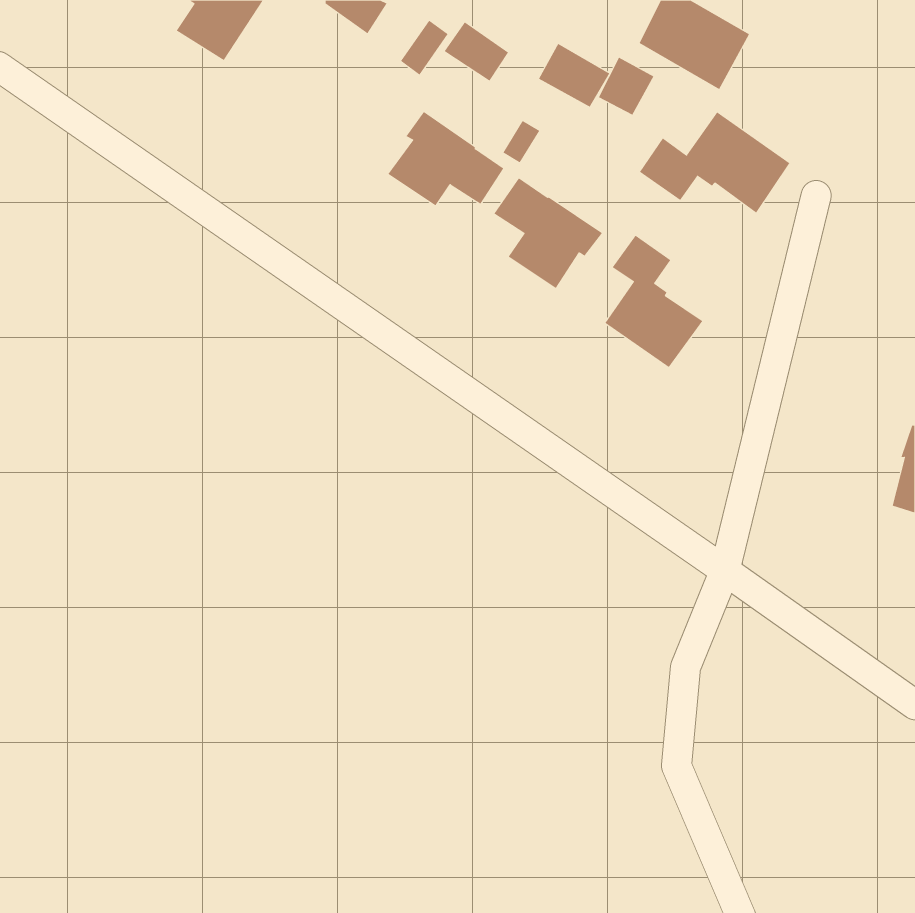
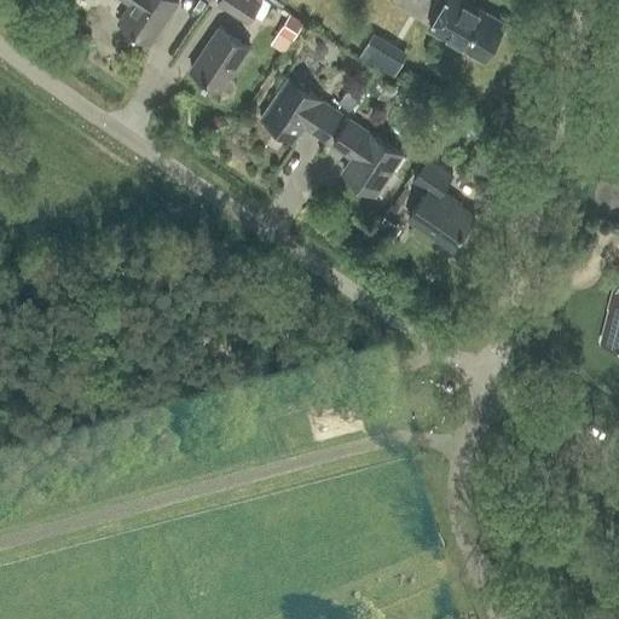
building: [444,21,509,81] -> none
building: none -> [191,29,248,92]
building: [598,57,654,116] -> none
building: [639,112,790,214] -> none

